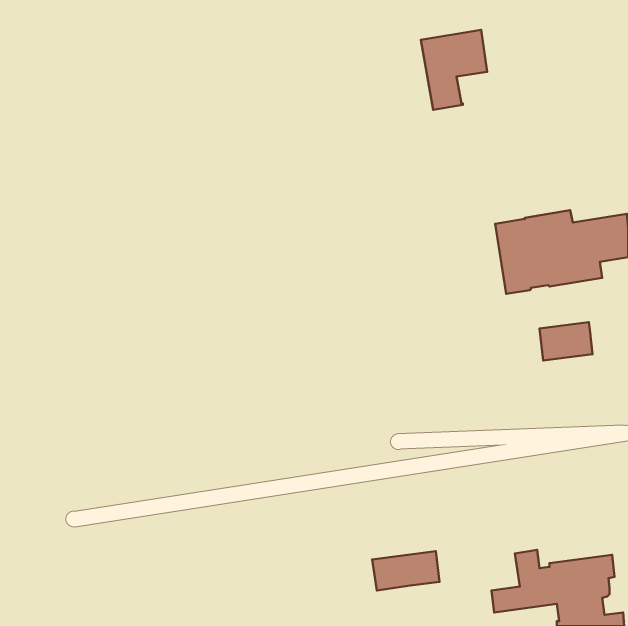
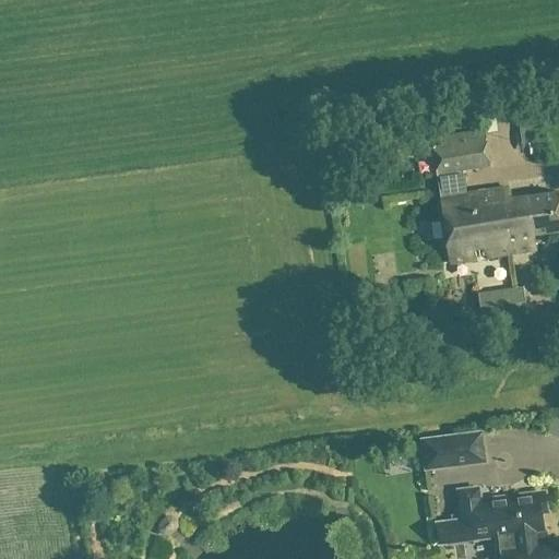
building: [421,30,487,110] -> [429,128,488,199]
building: [372,551,440,590] -> [421,433,481,468]

